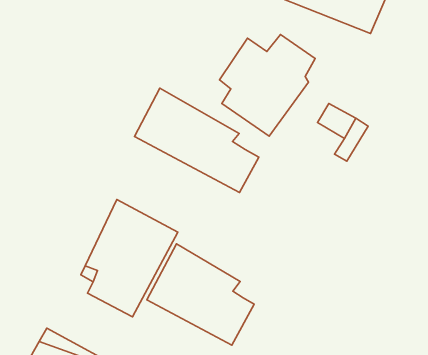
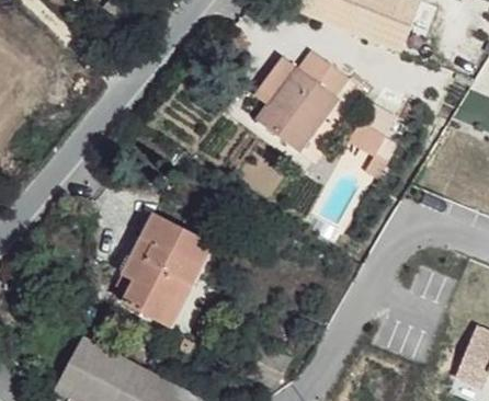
building: [135,88,259,192] -> none
building: [147,244,254,345] -> none

